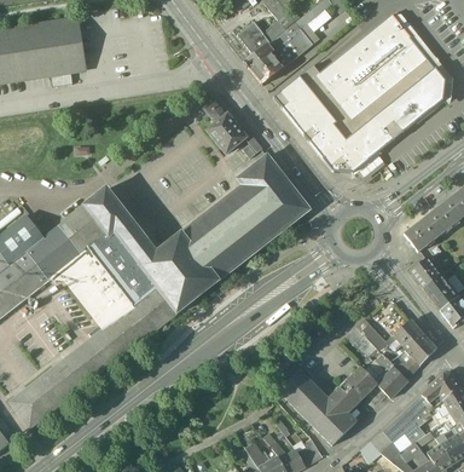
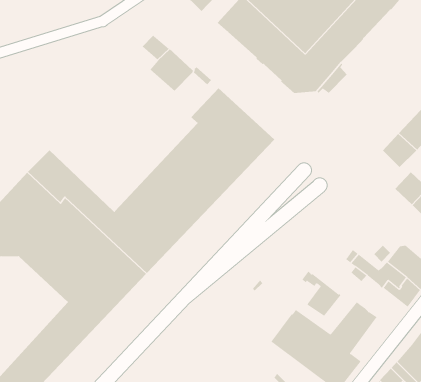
building: [375,353,408,397] -> [301,270,342,317]

